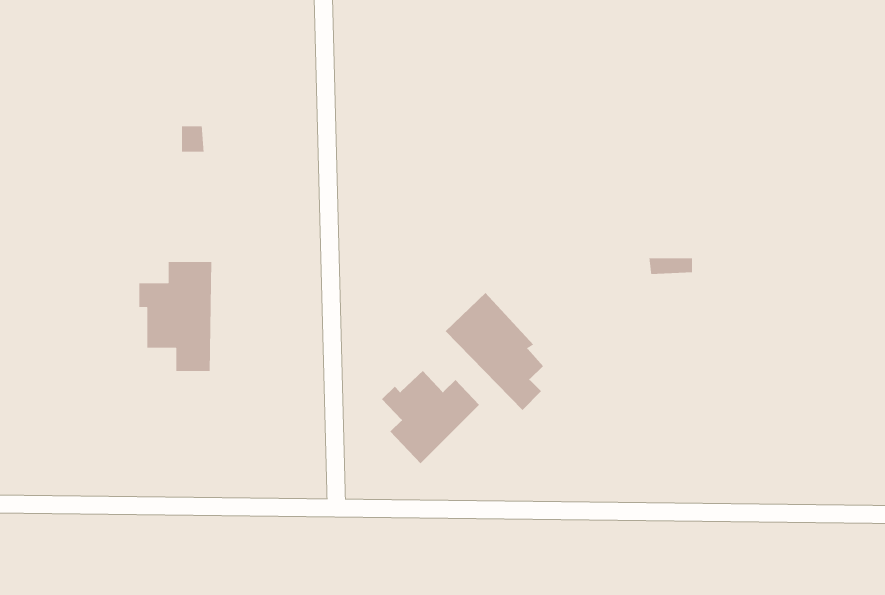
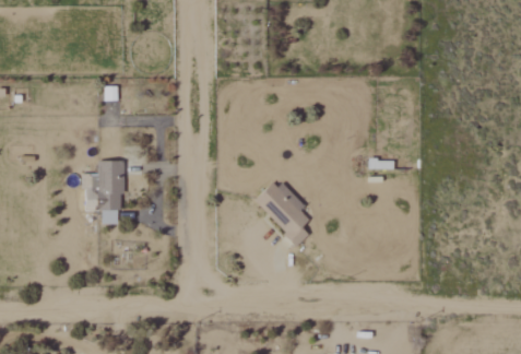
building: [381,370,480,464] -> none

